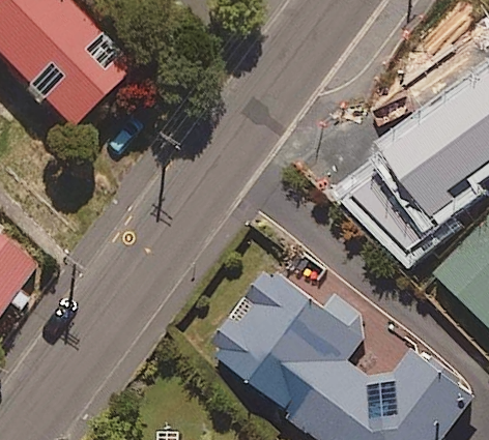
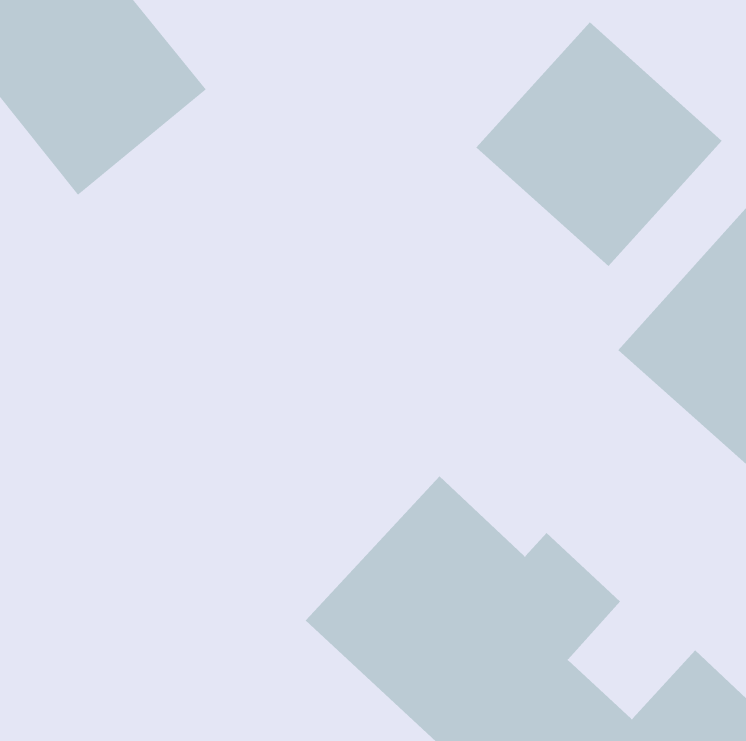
building: none -> [476,21,723,267]

